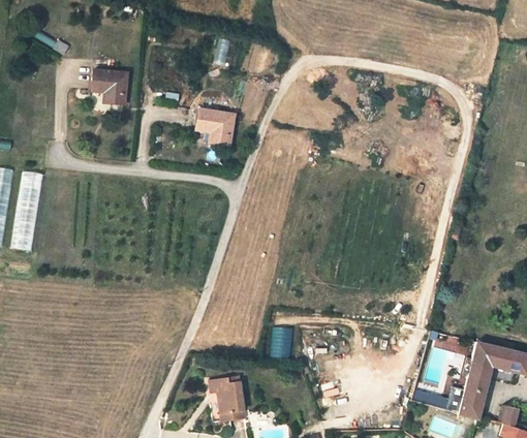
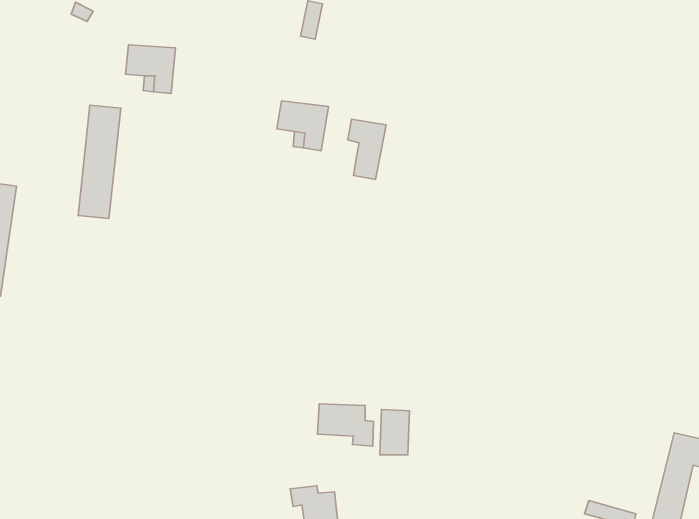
building: none -> [348,119,386,179]
building: [12,170,42,250] -> [78,105,121,218]
building: none -> [317,404,374,446]

